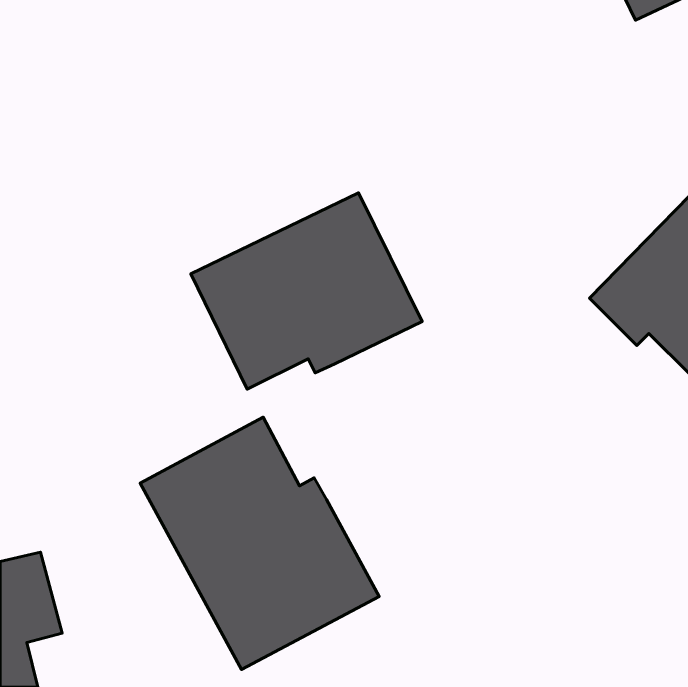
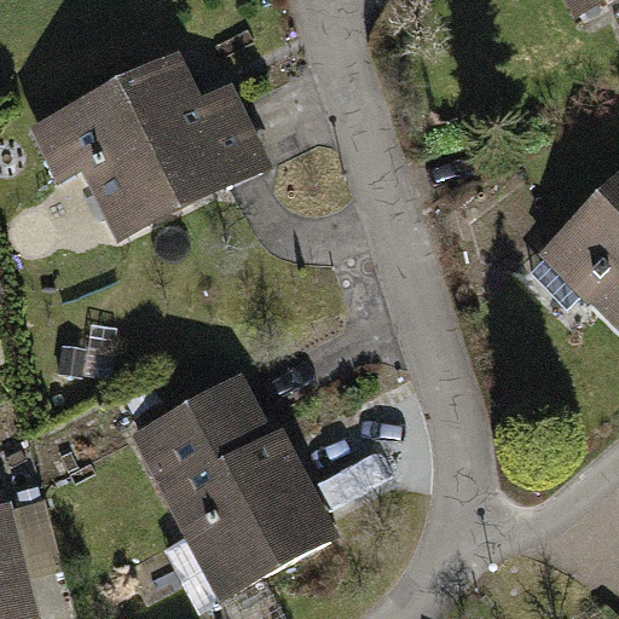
building: none -> [30,52,271,239]
building: [191,193,422,389] -> none

